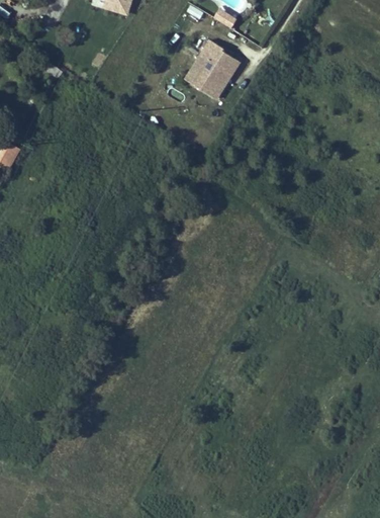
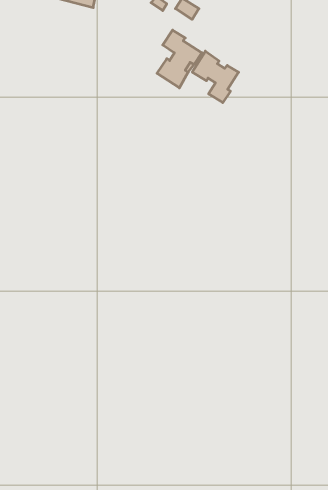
building: none -> [192,51,239,103]

